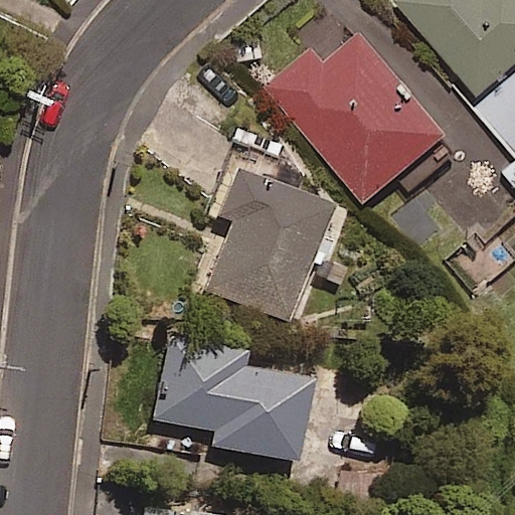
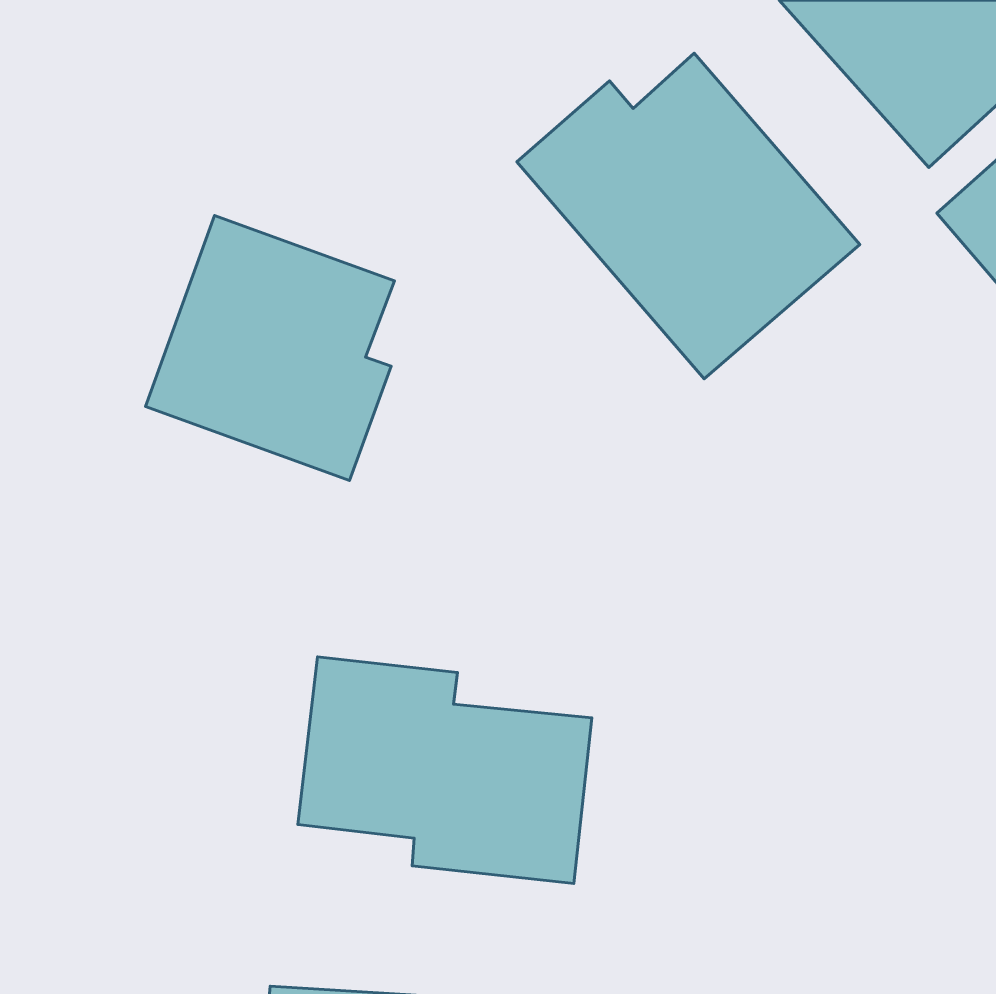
building: none -> [145,215,394,481]
building: [206,147,330,324] -> none

